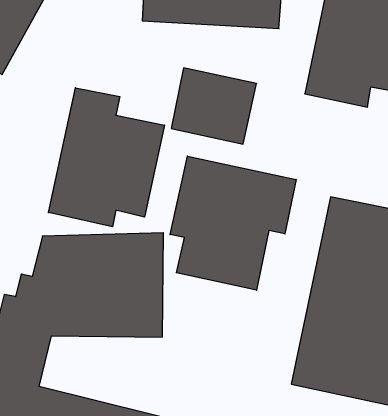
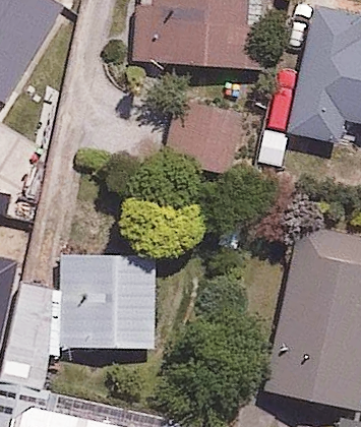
building: [48,88,164,227] -> none
building: [170,156,296,290] -> none

